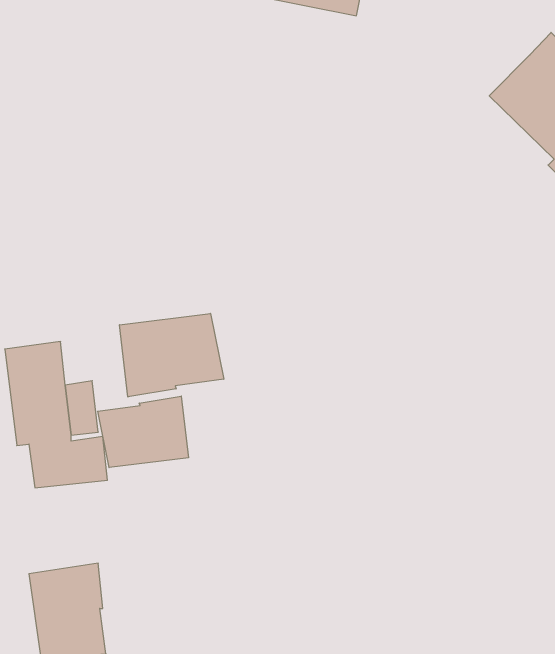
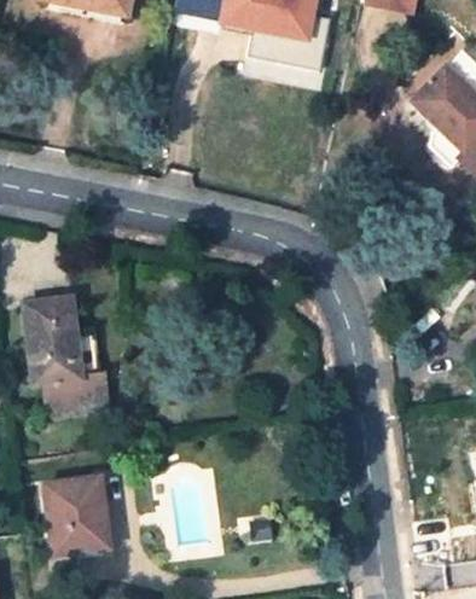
building: [120,313,224,397] -> none
building: [98,396,188,468] -> none

